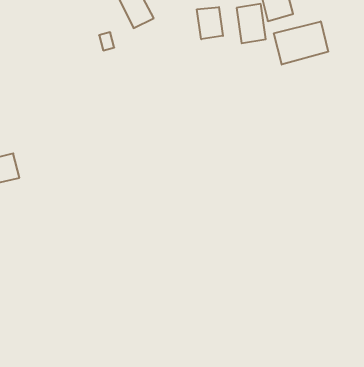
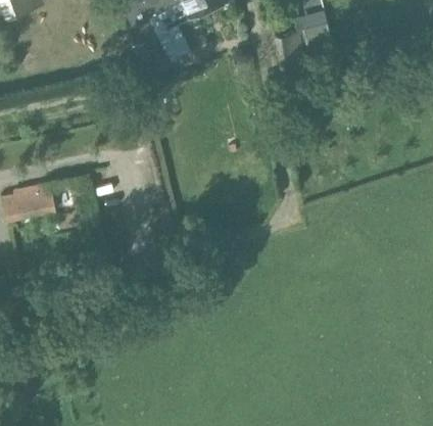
building: [197,7,223,39] -> none
building: [274,21,328,65] -> none

